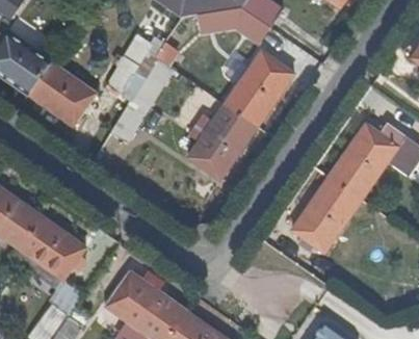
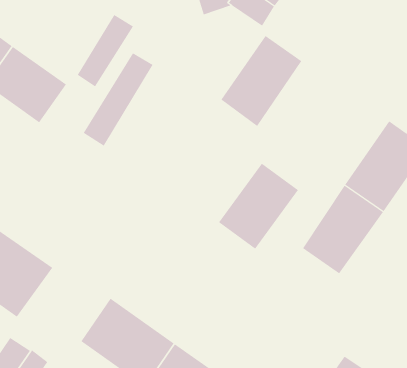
building: [188,105,256,178] -> [218,163,299,250]

